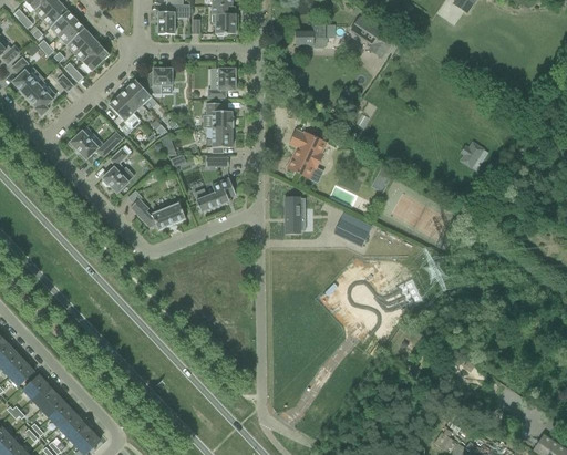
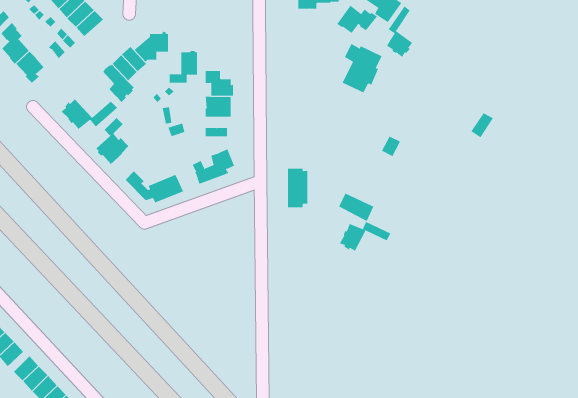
building: none -> [336,5,378,34]
building: none -> [386,6,413,58]
building: [207,66,235,97] -> [169,51,198,83]
building: [287,130,326,177] -> [342,43,382,93]
building: none -> [339,221,391,252]

